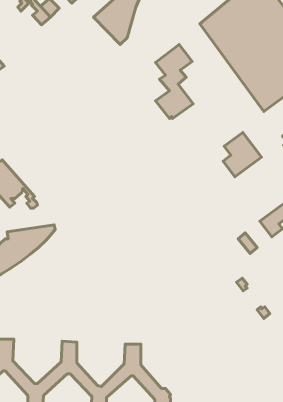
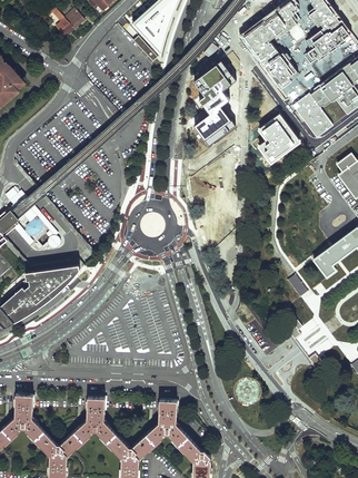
building: [223,133,261,177] -> [257,115,300,165]

